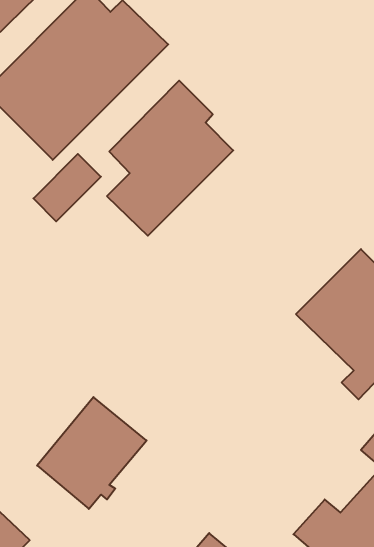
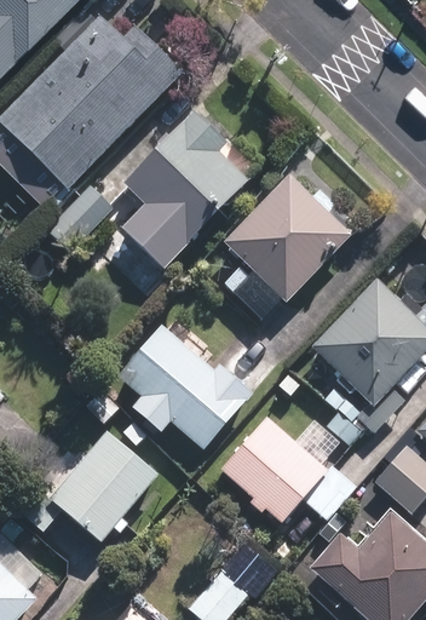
building: none -> [221,176,350,303]
building: none -> [116,326,274,450]
building: none -> [218,417,355,522]

